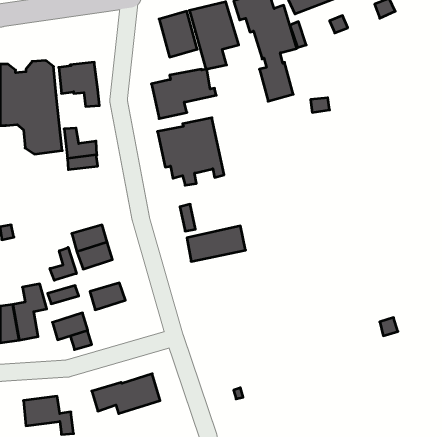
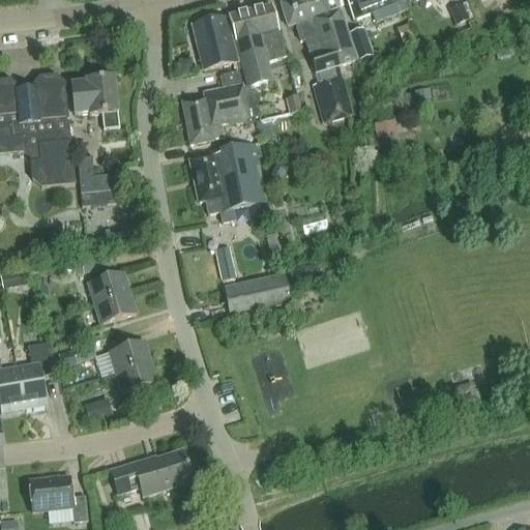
building: [50,247,76,280] -> none
building: [52,313,88,340] -> [114,359,156,391]

